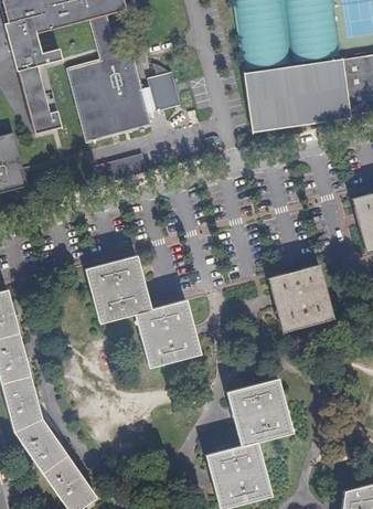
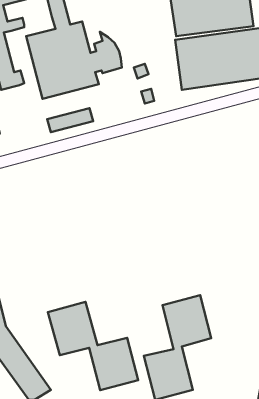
building: [89,257,198,363] -> [48,302,138,390]
building: [269,266,328,330] -> none

